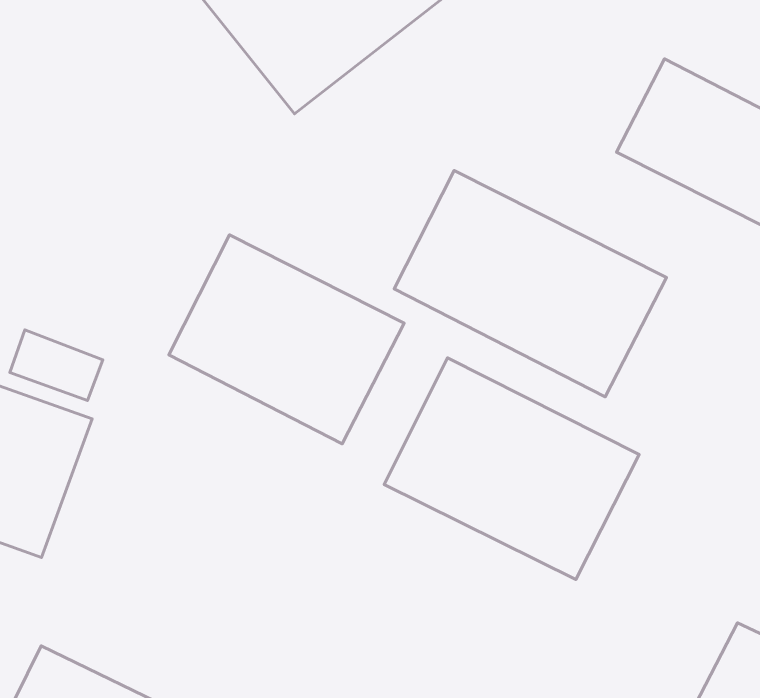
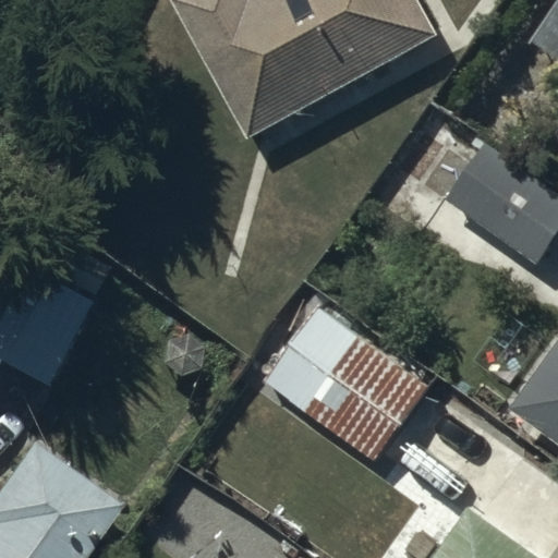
building: [394,170,667,397] -> none
building: [169,235,404,444] -> none

